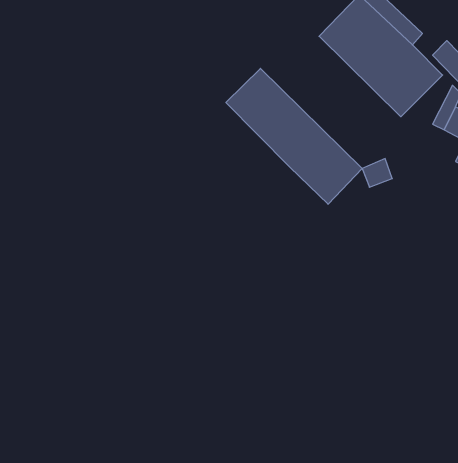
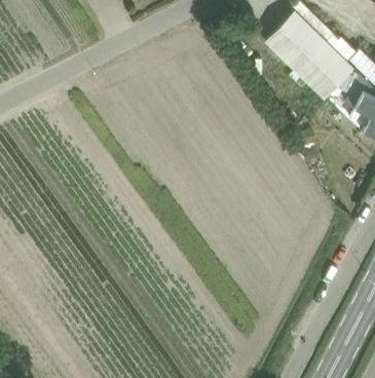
building: [226,68,362,204] -> none

